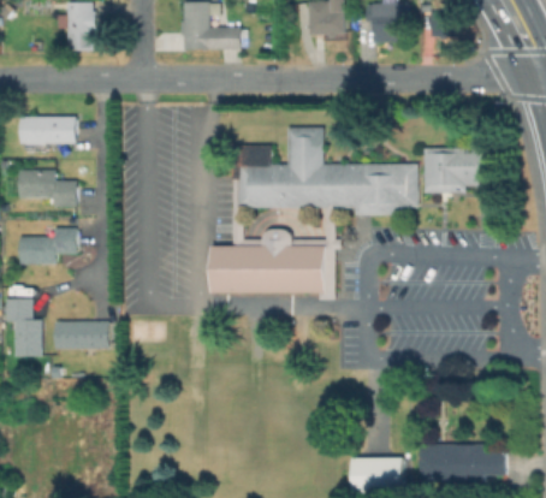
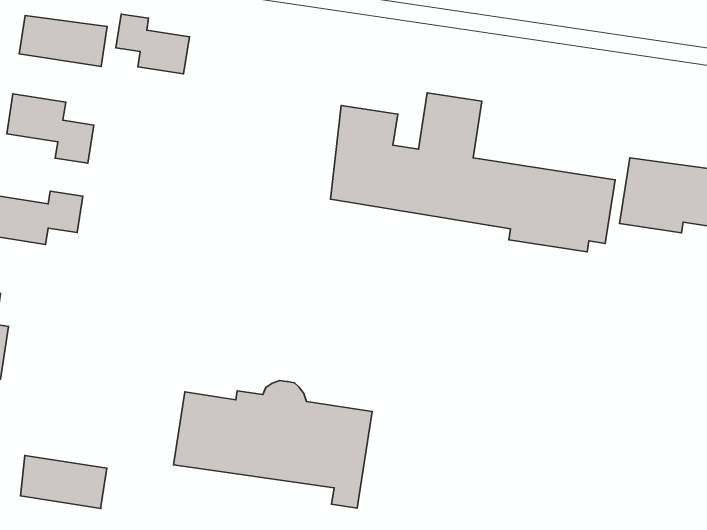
building: none -> [116,14,189,74]
building: [213,229,336,303] -> [174,381,372,508]
building: [54,321,108,348] -> [21,456,107,508]

